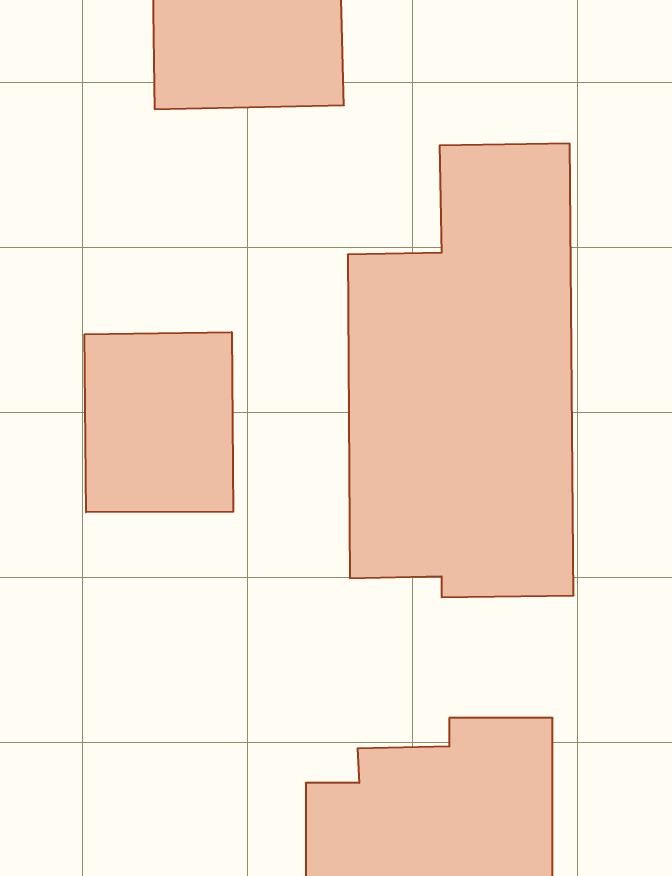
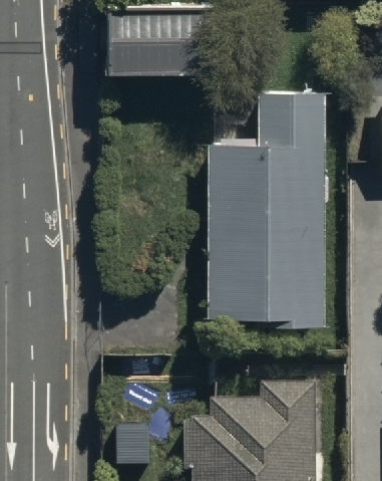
building: [85,332,233,512] -> none

